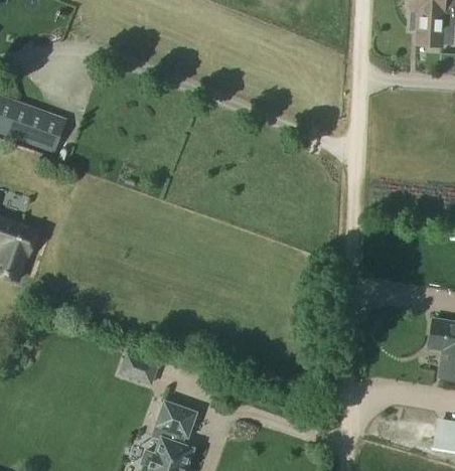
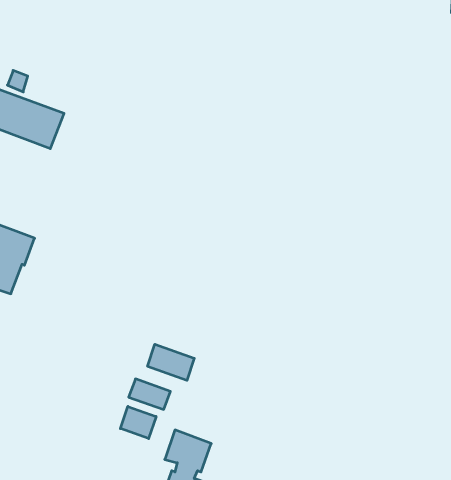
building: none -> [148,344,194,380]
building: none -> [120,406,156,439]

